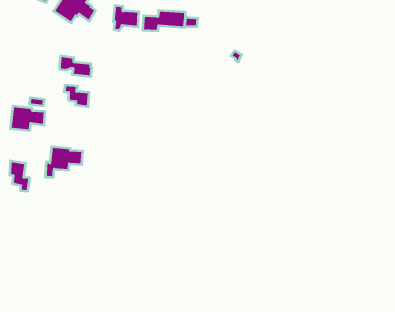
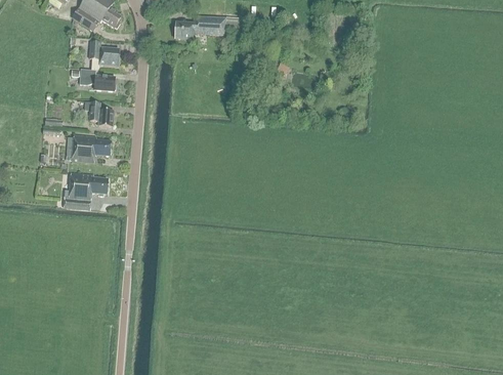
building: [113,6,139,31] -> [89,40,119,69]
building: [10,106,45,130] -> [71,133,111,161]
building: [10,161,29,191] -> none

